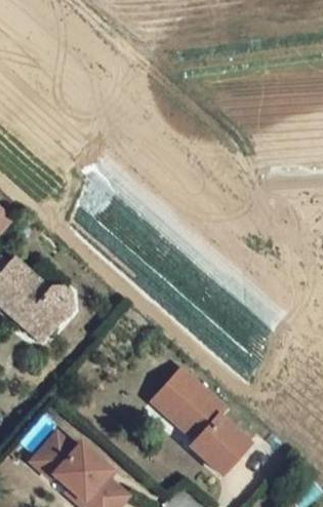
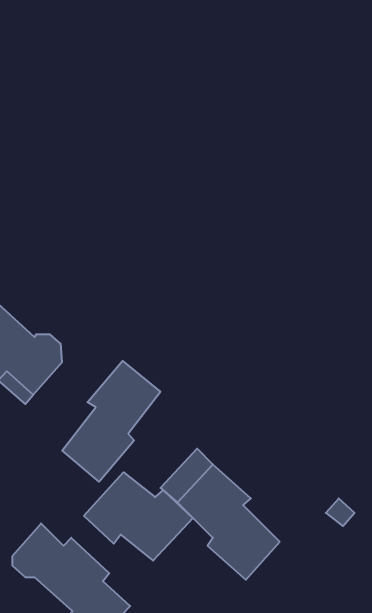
building: none -> [62,361,160,482]
building: none -> [84,472,193,561]

